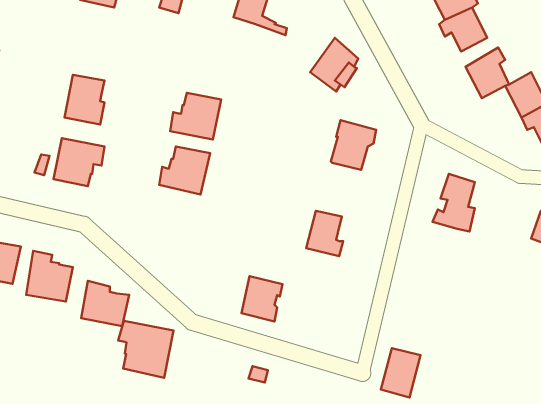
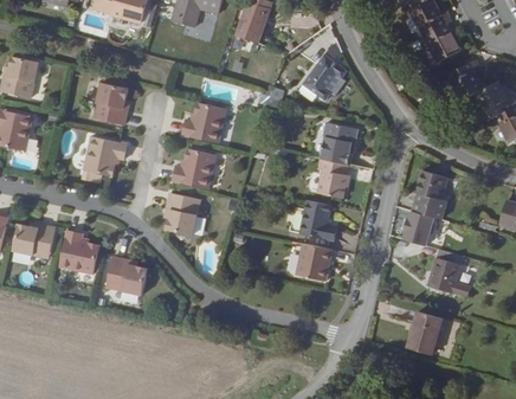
building: none -> [322,157,350,197]
building: none -> [169,188,204,231]
building: none -> [401,208,433,244]
building: none -> [425,247,469,295]
building: [241,276,283,321] -> [299,243,335,282]
building: [118,321,173,378] -> none
building: [381,348,421,398] -> [406,310,440,353]

